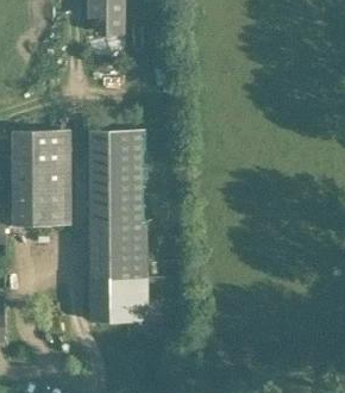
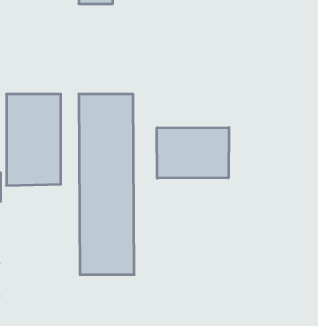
building: none -> [157,127,229,178]

